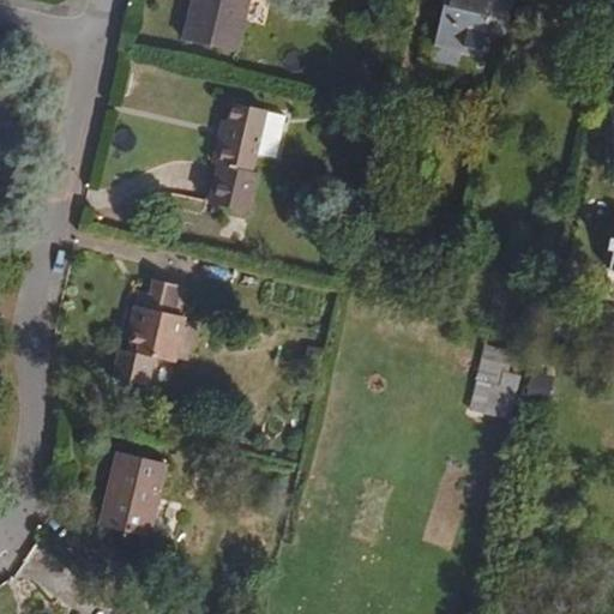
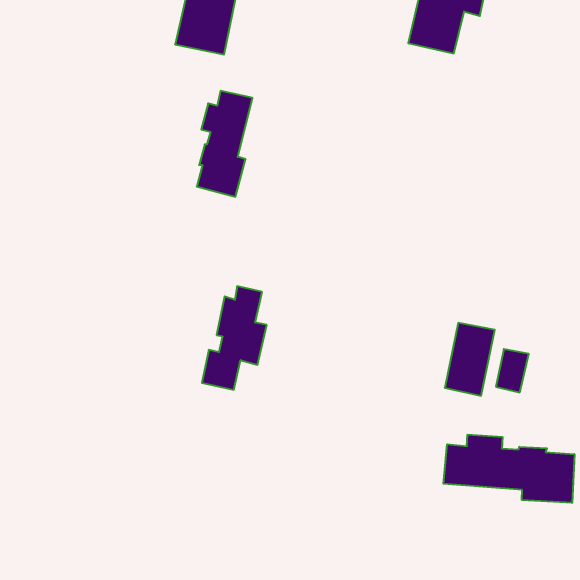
building: [121,283,189,392] -> [202,286,267,390]
building: [101,453,163,534] -> none
building: none -> [443,435,574,503]

